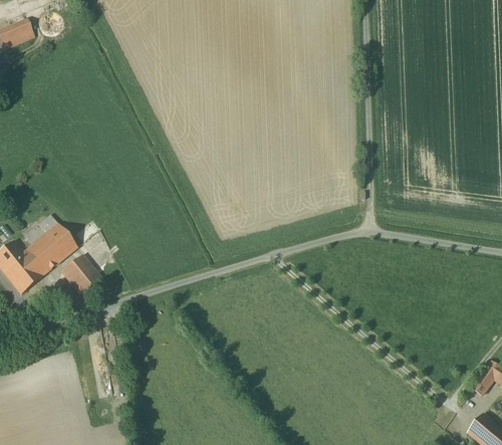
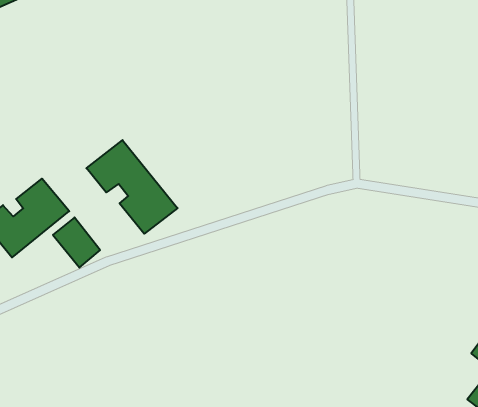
building: none -> [86,140,178,234]

